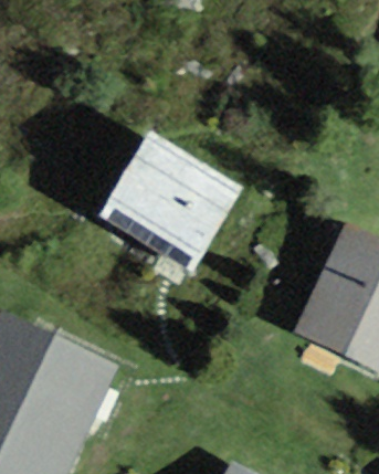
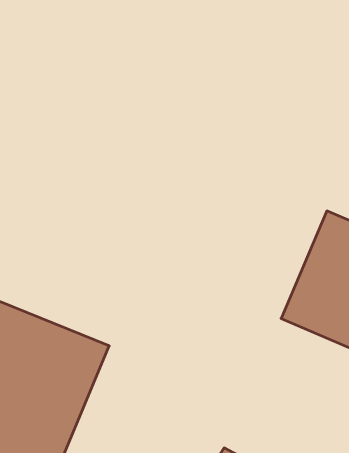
building: [102,131,240,261] -> none

